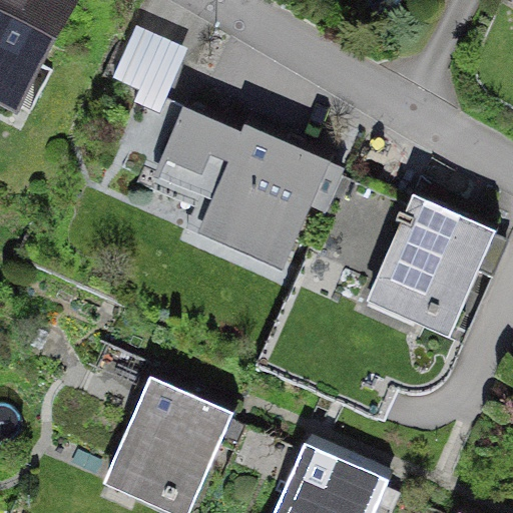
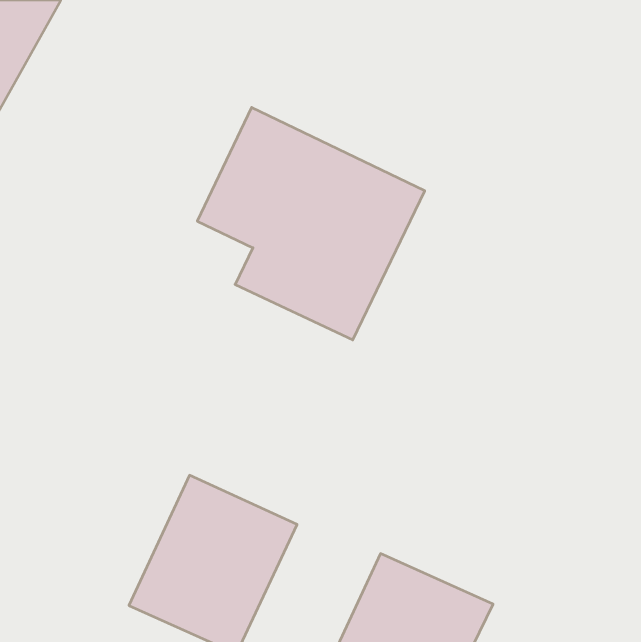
building: [108,26,185,115] -> none
building: [366,193,504,340] -> none

